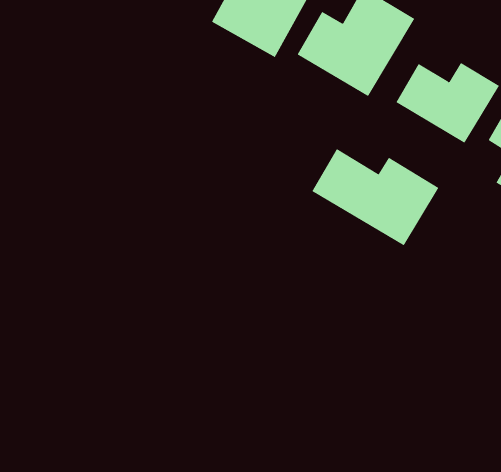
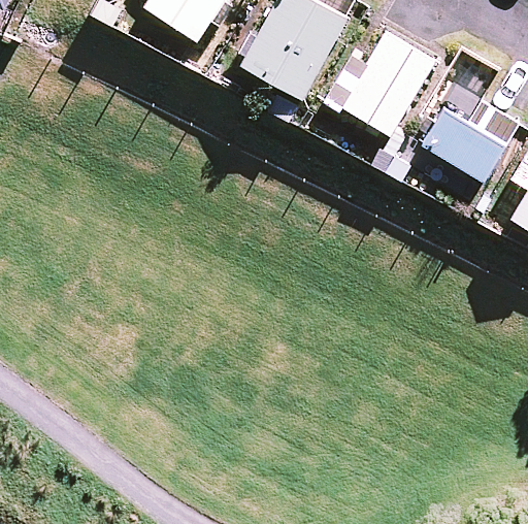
building: [312,148,439,246] -> none

